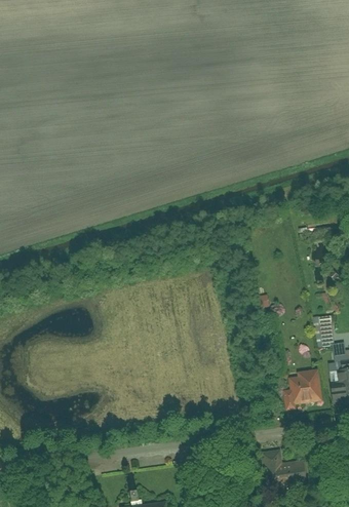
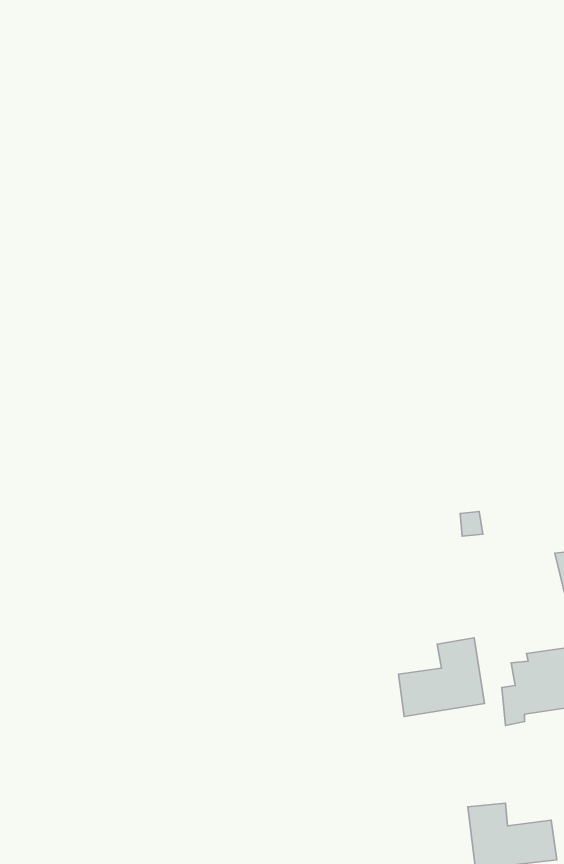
building: none -> [399,638,484,716]

